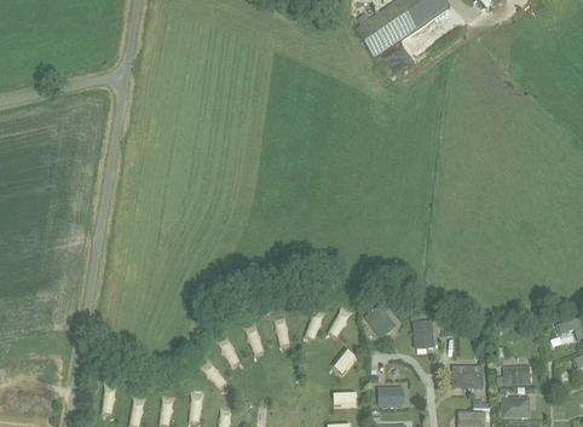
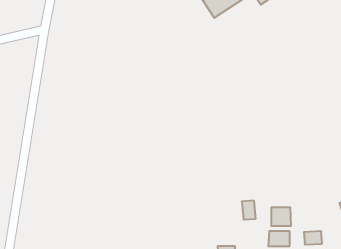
building: [364,304,396,336] -> none
building: none -> [271,207,291,226]

